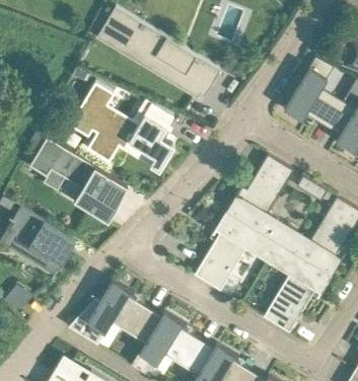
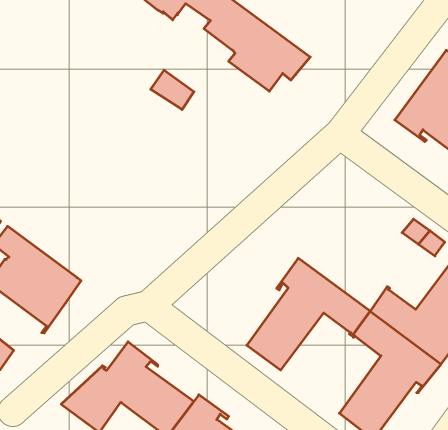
building: [73,82,174,170] -> none
building: [30,137,128,222] -> none
building: [225,154,293,243] -> none

